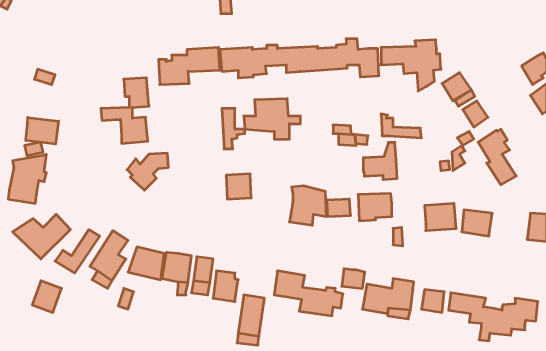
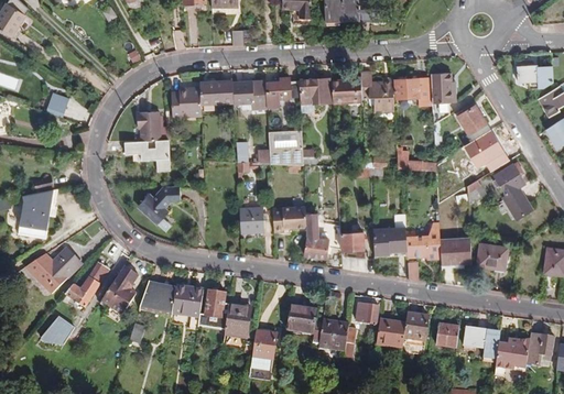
building: none -> [517,65,553,89]
building: [26,117,59,144] -> none
building: [363,142,397,180] -> [406,221,441,259]
building: none -> [272,206,306,228]

